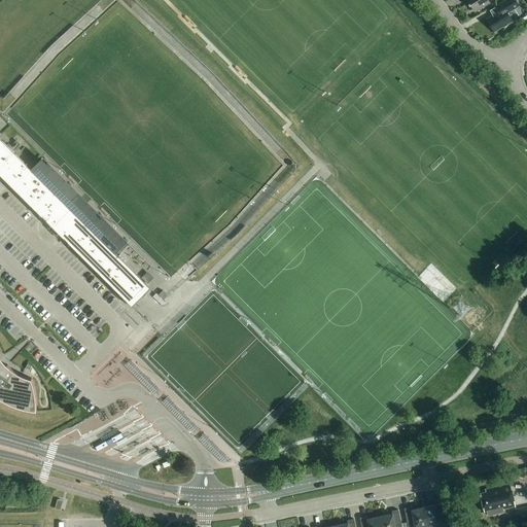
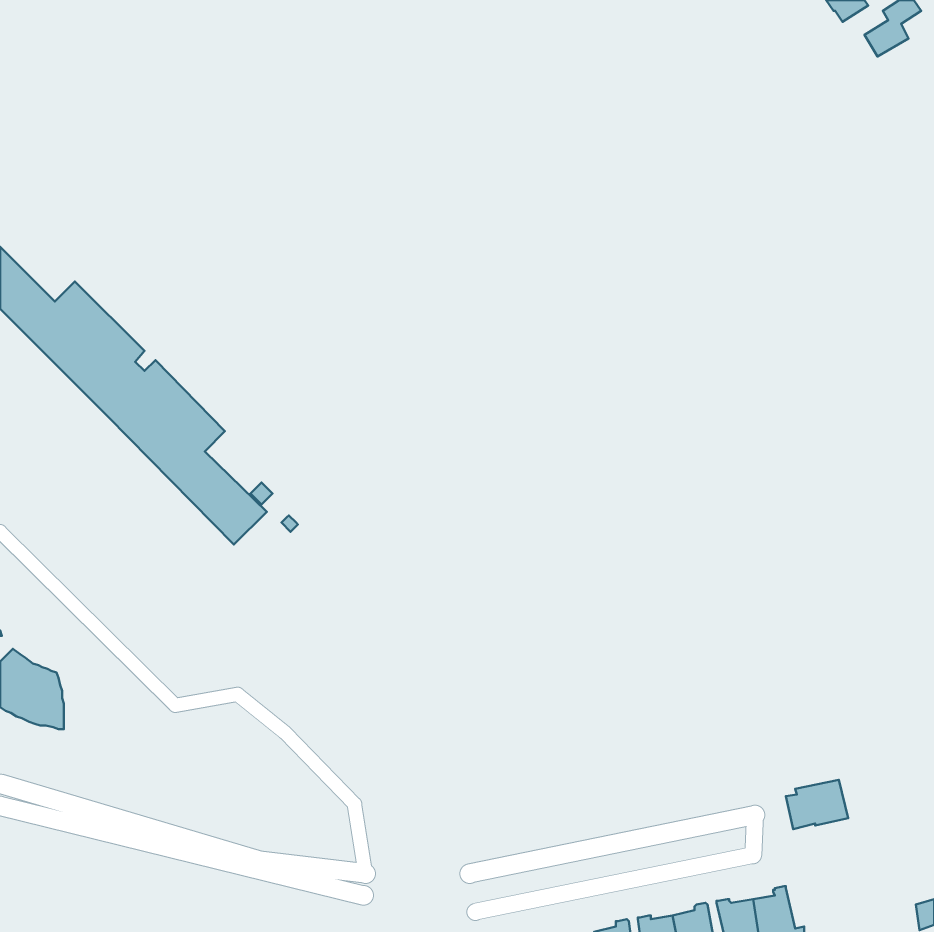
building: [480,486,515,514] -> [786,780,848,829]

